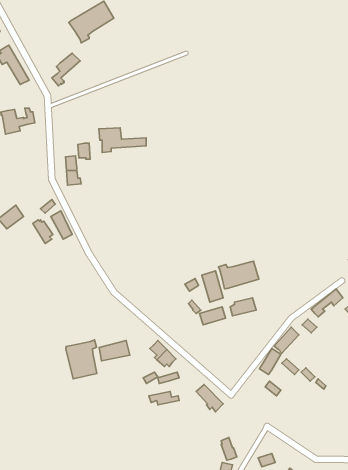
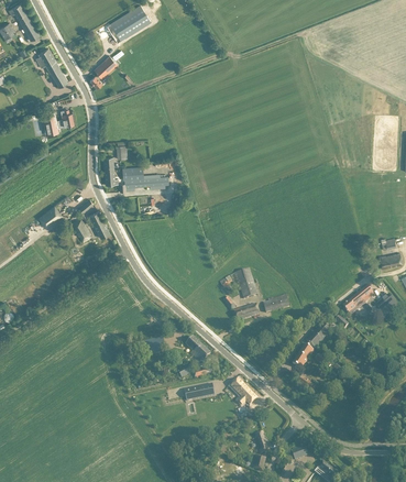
building: [99,128,146,153] -> [121,167,167,191]
building: [218,261,259,289] -> none
building: [66,340,97,379] -> none

